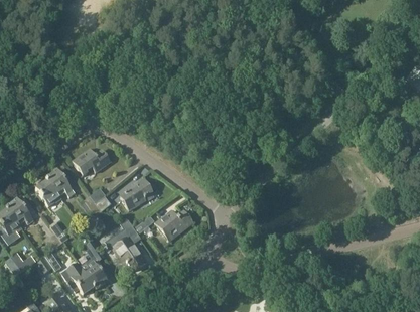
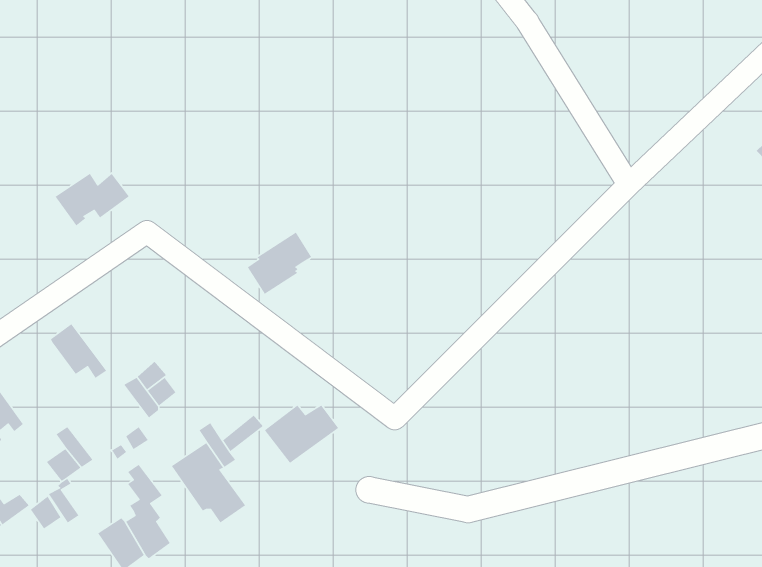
building: [73,149,111,176] -> [54,173,130,226]
building: [120,178,153,210] -> [247,231,312,295]
building: [35,179,61,207] -> none

